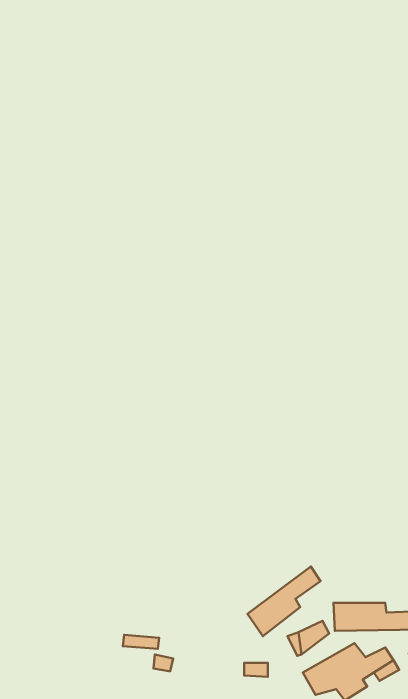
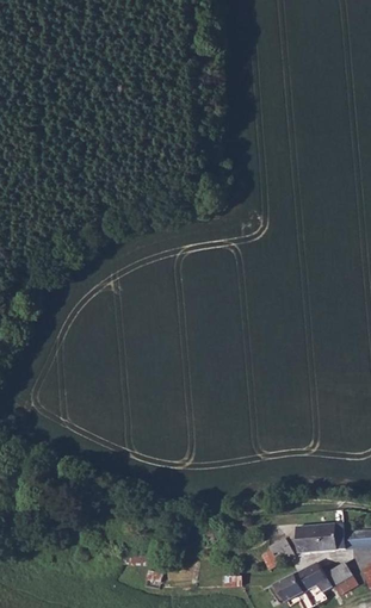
building: [247,566,321,636] -> none

